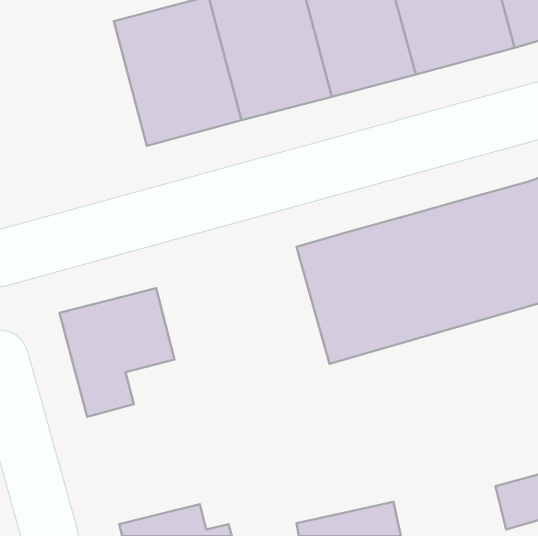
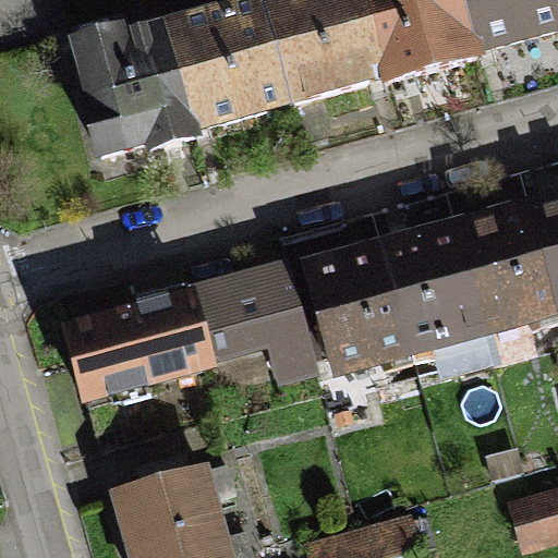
building: none -> [61,22,156,166]
building: none -> [166,264,317,392]
building: none -> [114,459,222,537]

